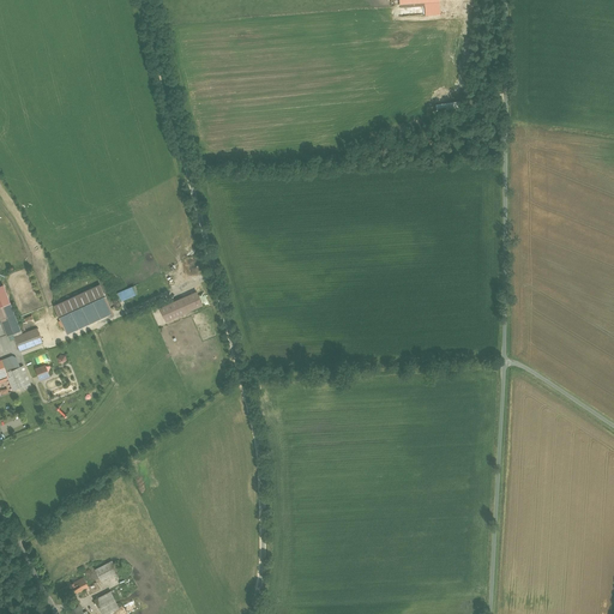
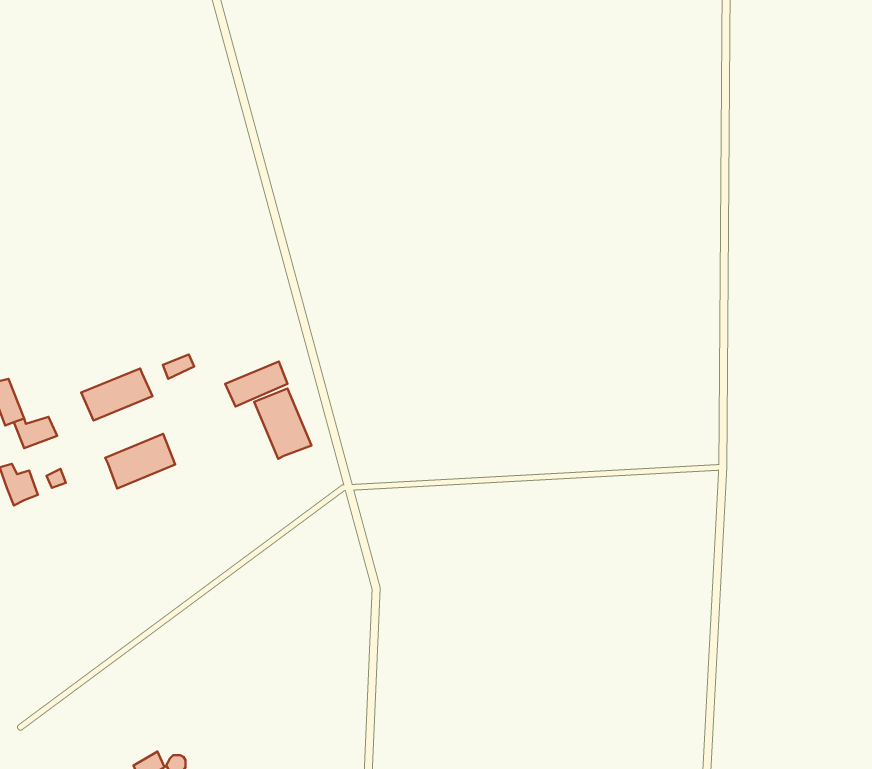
building: none -> [254,388,311,459]
building: none -> [105,434,175,489]

